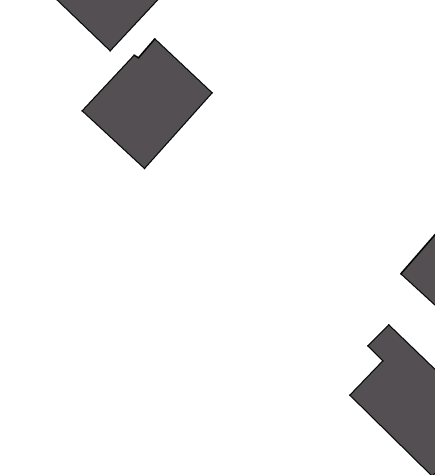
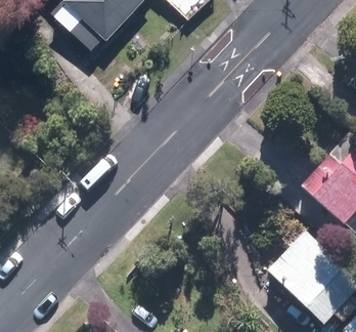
building: [82,39,212,169] -> none

